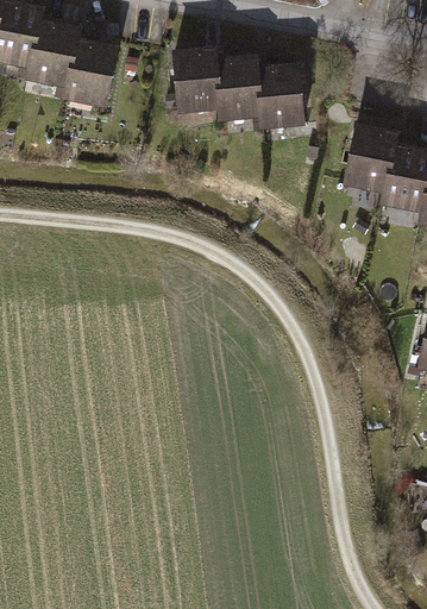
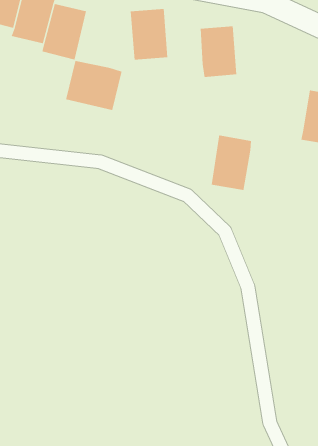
building: [215,50,260,113] -> none
building: none -> [66,60,122,111]
building: [344,124,395,193] -> [211,135,252,191]

